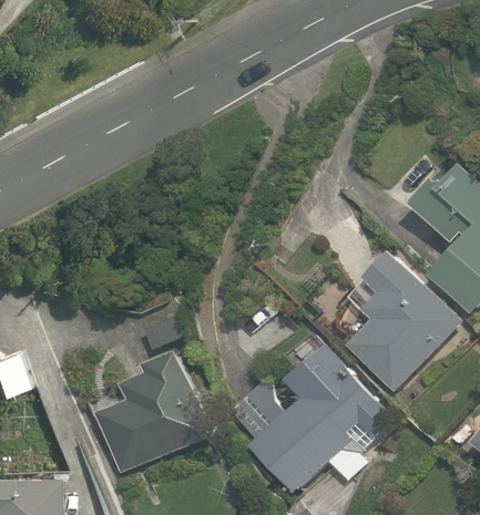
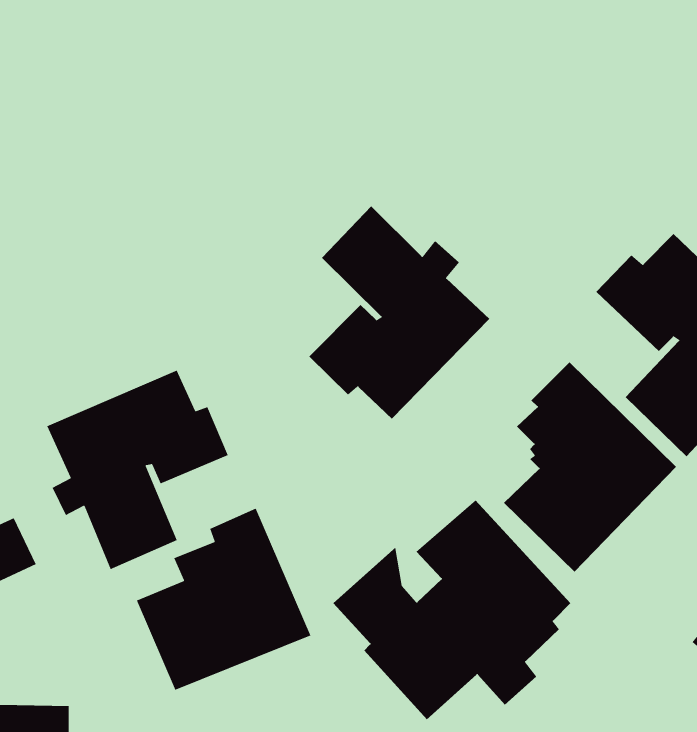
building: none -> [309,205,490,419]
building: none -> [46,369,229,570]

